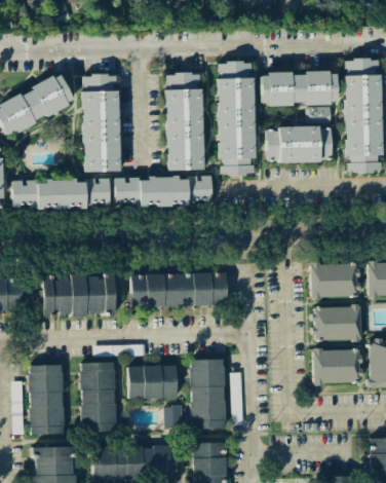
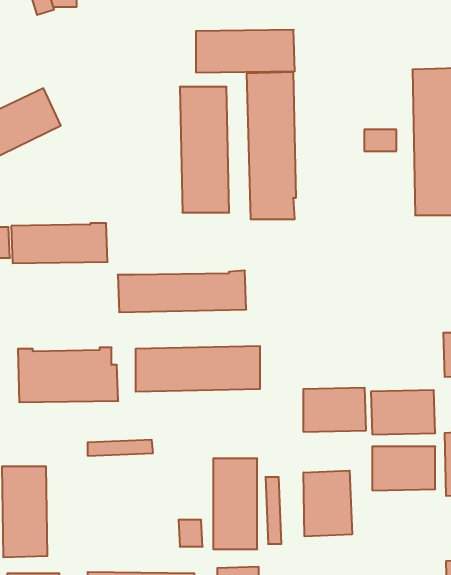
building: [261,72,337,105] -> [196,30,295,72]
building: [82,75,119,172] -> none
building: [266,126,332,162] -> none
building: [114,175,213,207] -> [118,271,246,312]
building: [311,263,359,297] -> [303,388,366,432]
building: [80,362,116,432] -> none
building: [128,365,177,399] -> none
building: none -> [304,471,352,536]

